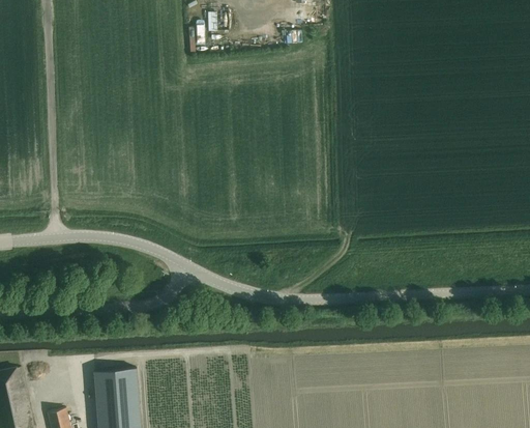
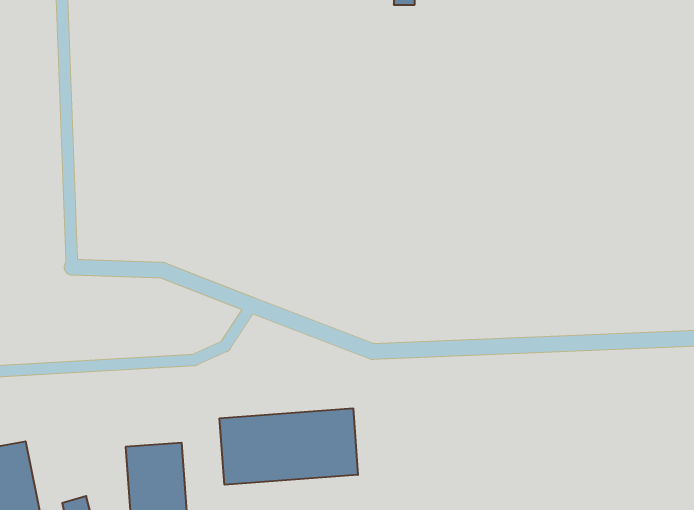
building: none -> [220,408,358,485]

